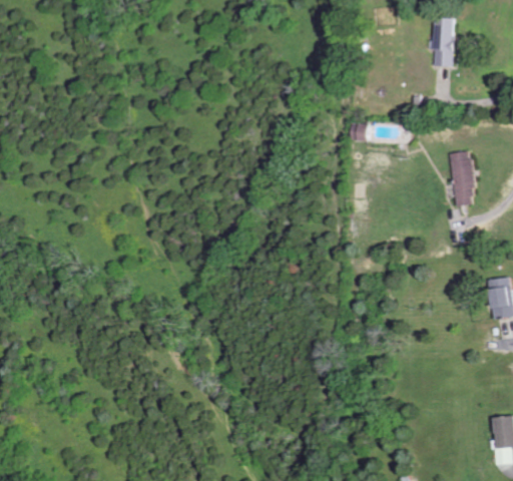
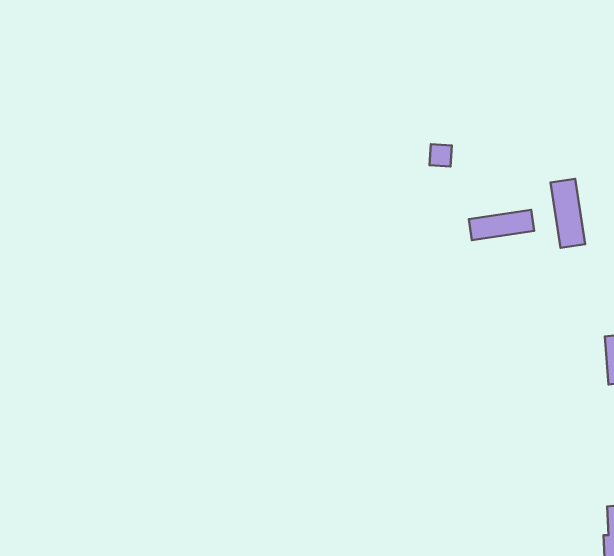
building: [433,18,455,65] -> none
building: none -> [469,210,534,240]

